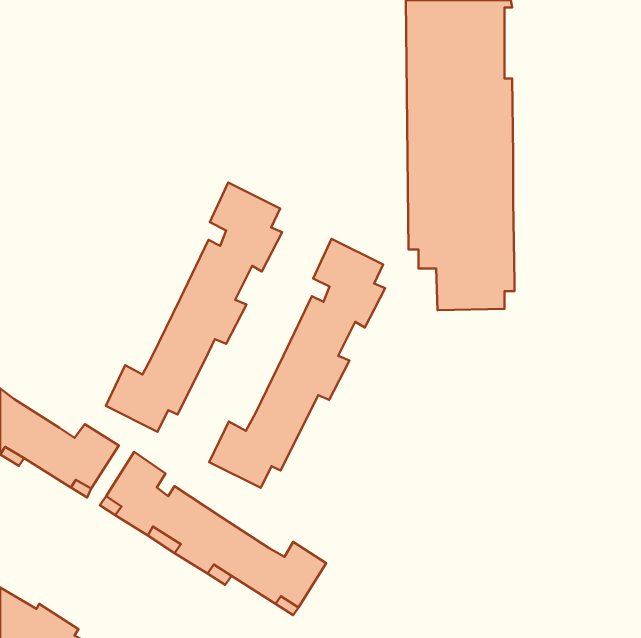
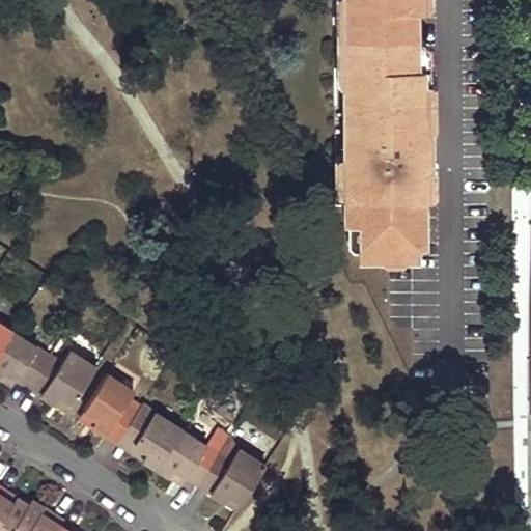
building: [106,182,282,432] -> none
building: [209,239,385,488] -> none

